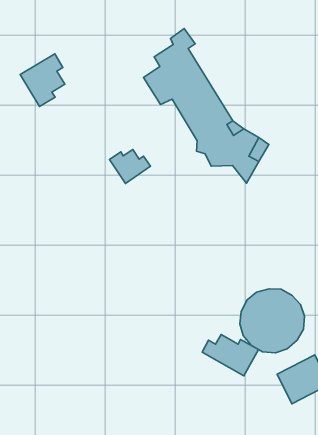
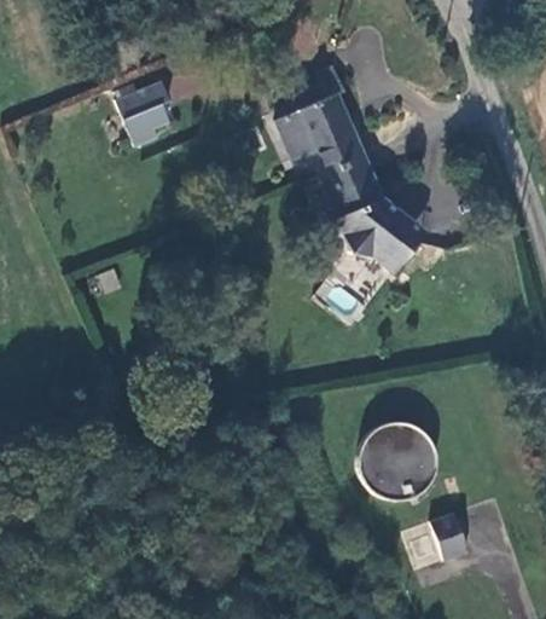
building: [110,150,151,183] -> none
building: [202,334,259,376] -> none

